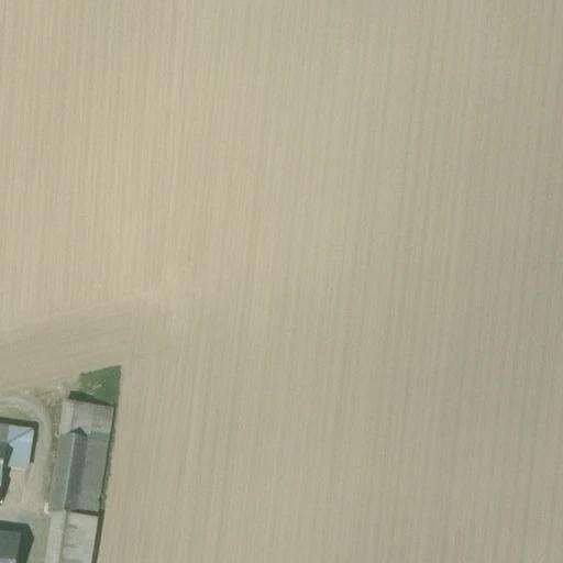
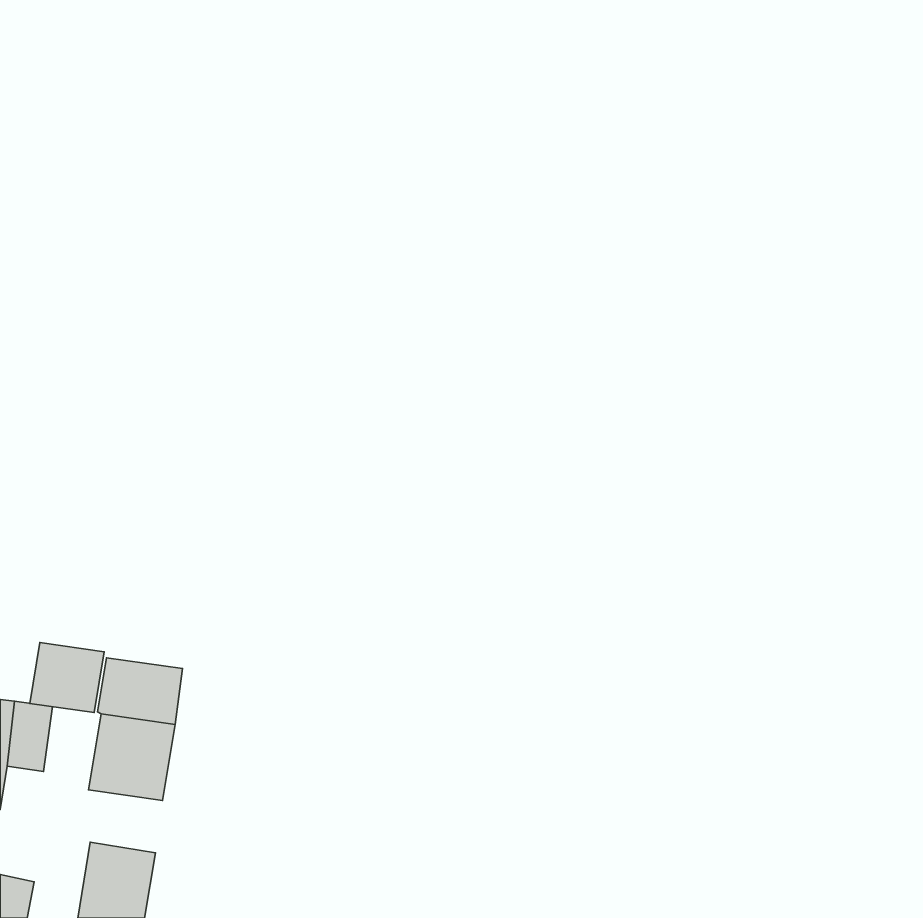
building: none -> [30,643,104,713]
building: [49,481,99,519] -> none

